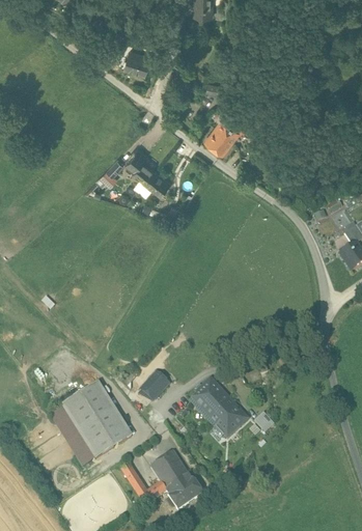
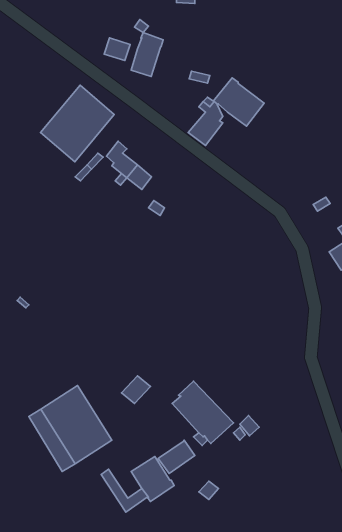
building: none -> [131,33,163,76]
building: none -> [213,78,264,126]
building: none -> [41,85,114,162]
building: [168,477,203,509] -> [158,440,195,474]

